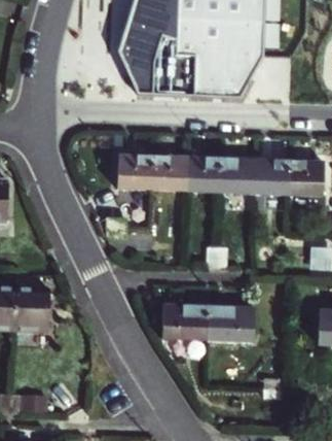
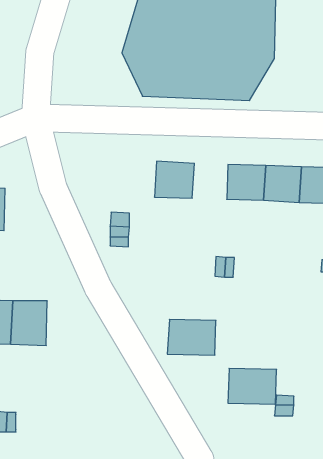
building: [118,154,152,189] -> none
building: [186,157,220,191] -> none
building: [208,306,254,340] -> [228,368,277,404]

